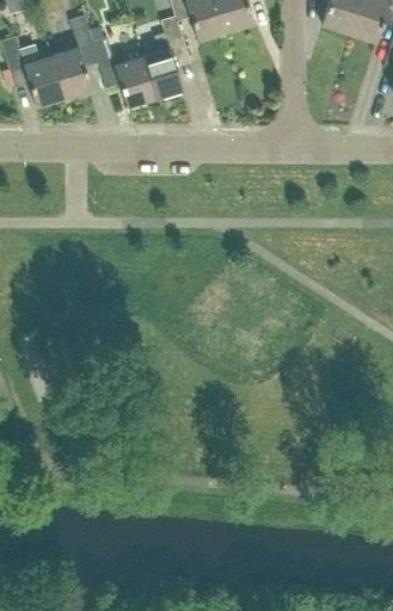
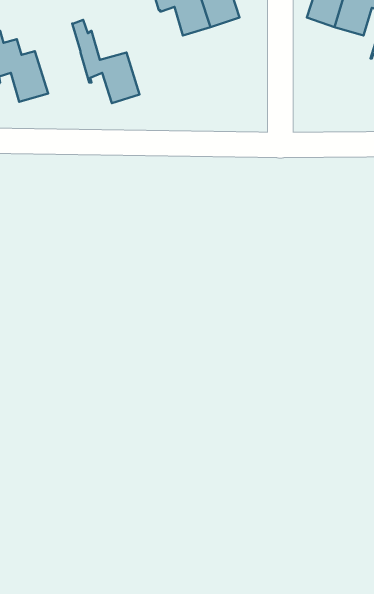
building: [51,14,97,97] -> none
building: [142,14,191,98] -> none

